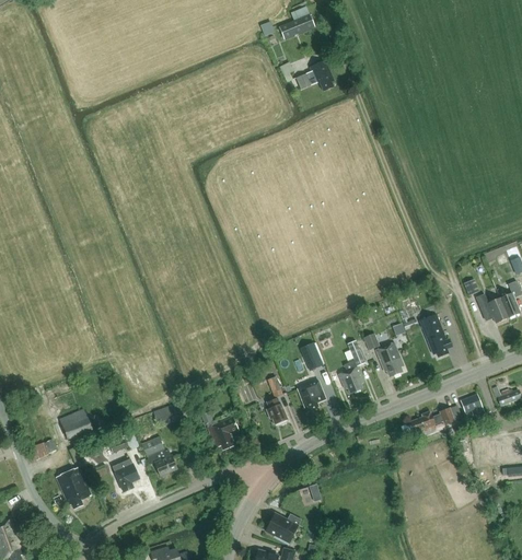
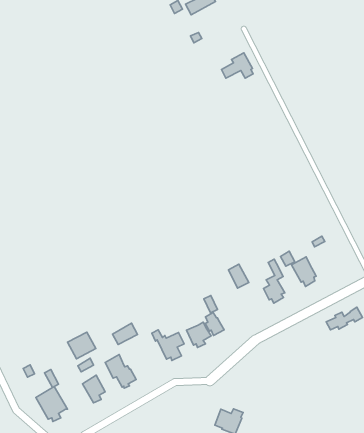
building: [295,60,333,91] -> [221,53,253,78]
building: [418,314,451,357] -> none
building: [297,381,325,410] -> [187,322,211,347]
building: [59,407,92,438] -> [68,332,96,359]

